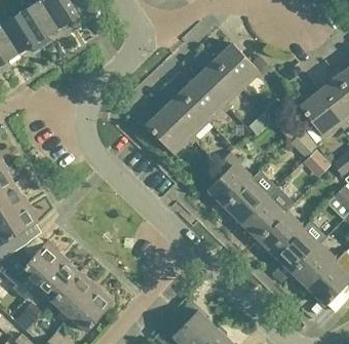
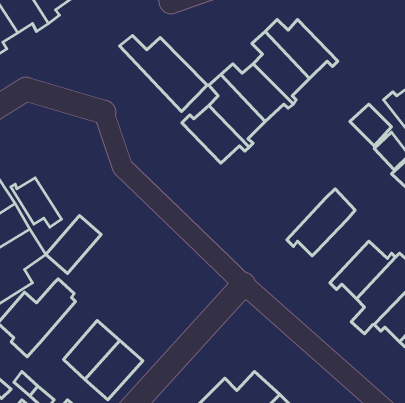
building: none -> [120,35,207,112]
building: [208,154,253,212] -> none
building: none -> [11,178,61,227]
building: [242,189,293,244] -> none
building: [36,259,78,303] -> [46,216,101,273]

